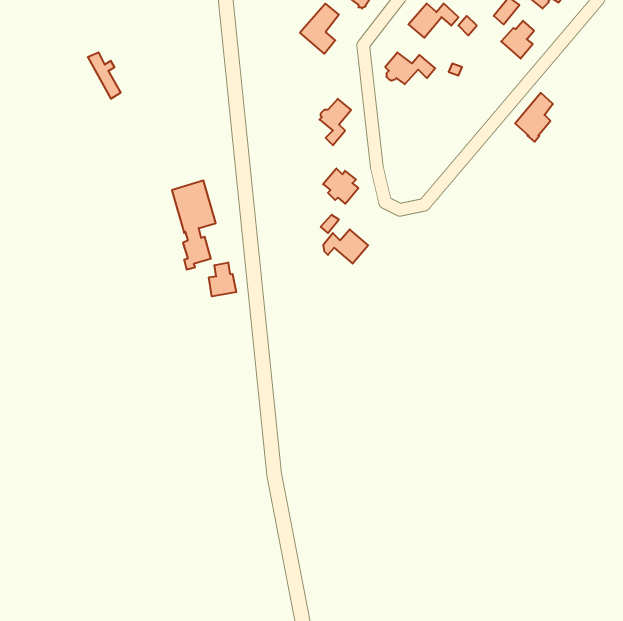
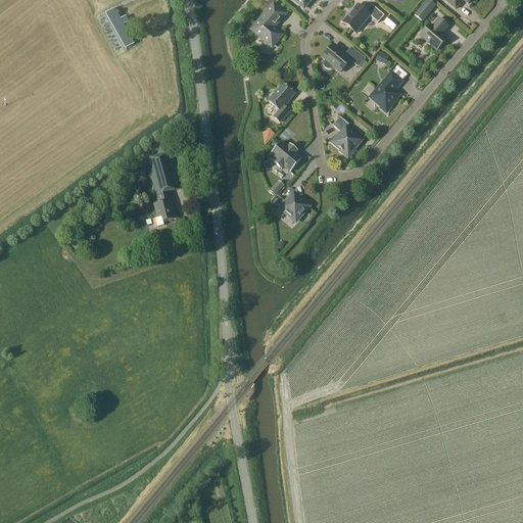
building: [88,52,121,99] -> [105,8,133,47]
building: [515,93,553,142] -> [370,70,401,111]
building: none -> [332,115,361,157]
building: [209,262,236,296] -> none

